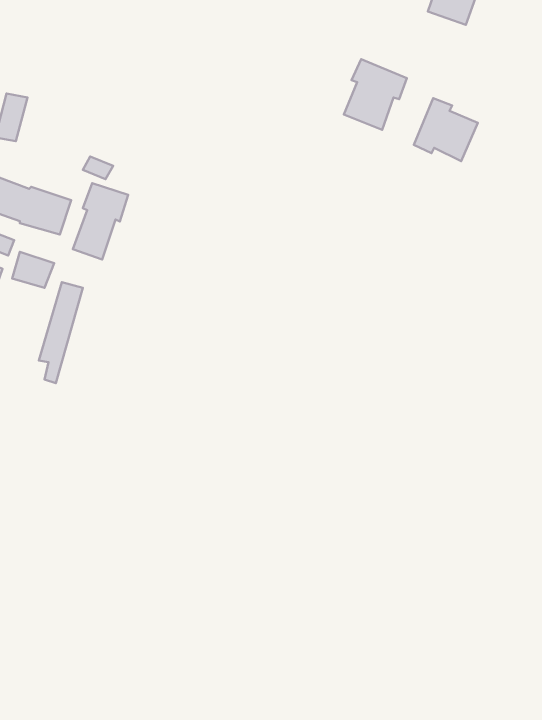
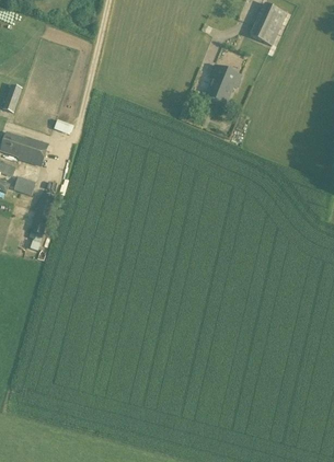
building: [414,98,478,161] -> none
building: [73,183,128,260] -> none

